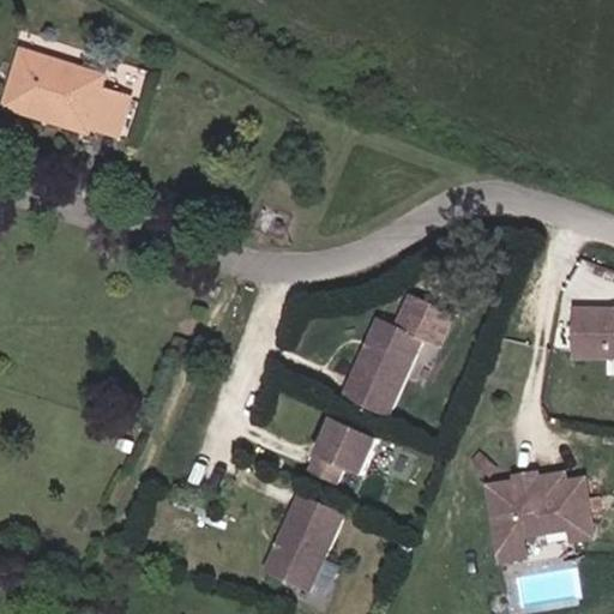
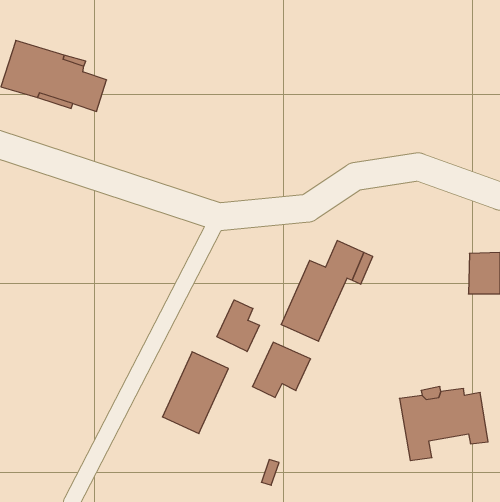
building: none -> [217,300,259,352]
building: [263,492,343,591] -> [162,352,228,434]

